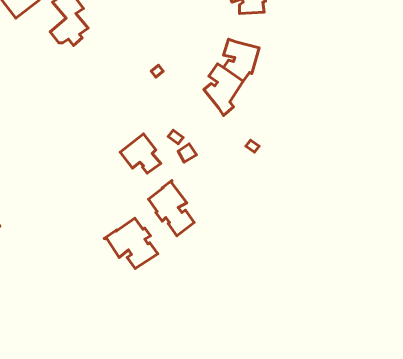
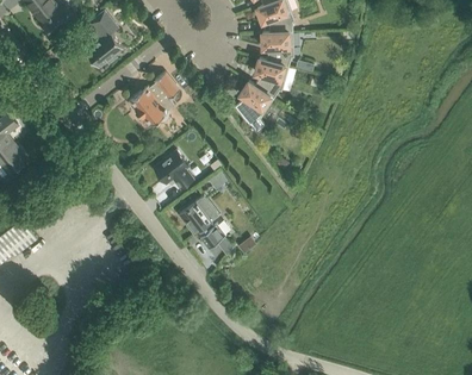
building: none -> [261,32,293,67]
building: none -> [128,73,178,124]
building: [104,218,158,269] -> none

